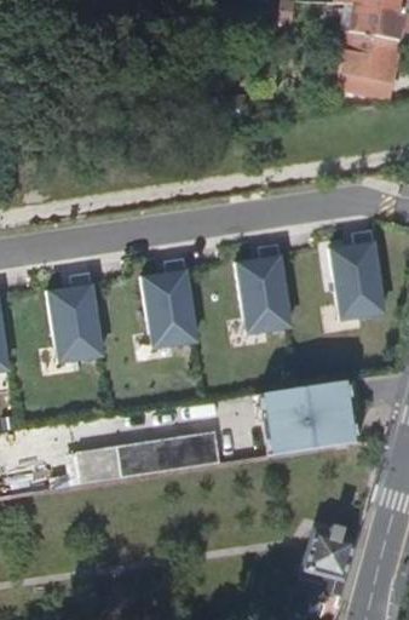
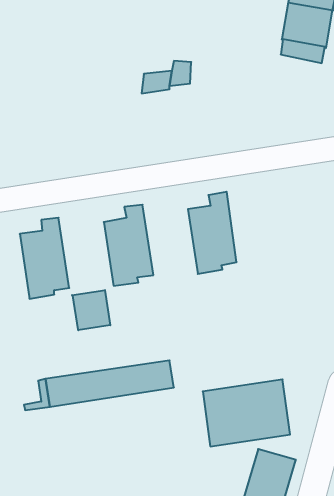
building: [330,230,385,321] -> none
building: none -> [72,290,110,330]
building: [260,381,358,457] -> [203,379,290,446]

